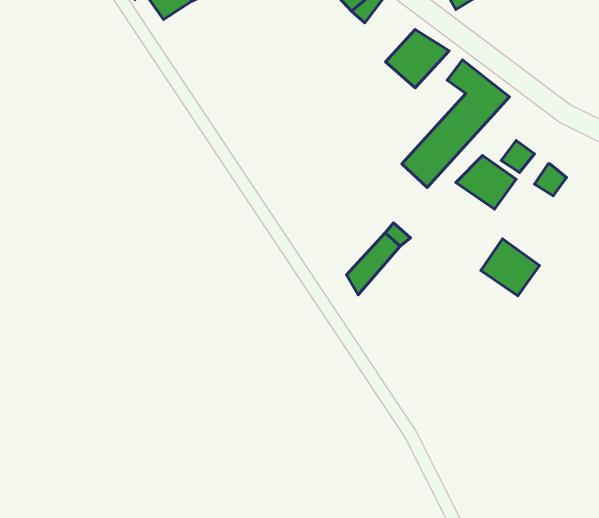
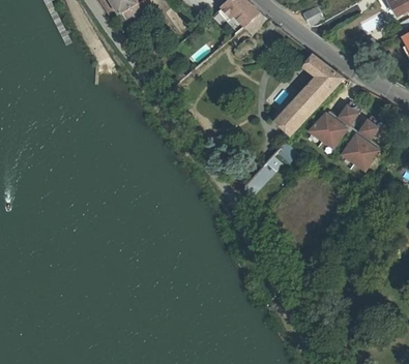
building: [386,30,449,88] -> none
building: [481,239,540,296] -> [343,133,379,169]

